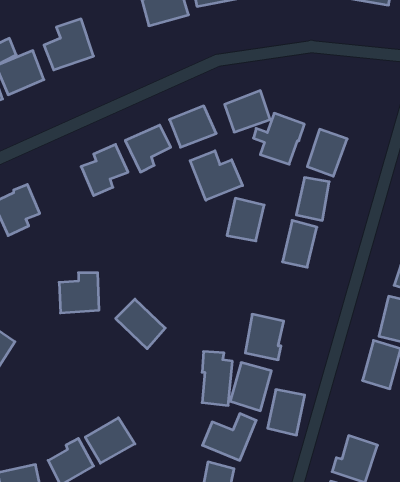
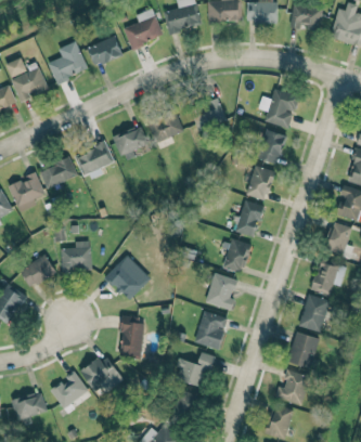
building: none -> [88,37,123,66]
building: [253,113,304,164] -> [259,89,299,129]
building: [190,151,243,200] -> none
building: none -> [40,159,77,187]
building: [227,198,264,241] -> [221,239,250,273]
building: none -> [21,256,56,288]
building: [202,352,232,405] -> [120,316,144,359]
building: [268,390,305,435] -> [288,333,318,368]

